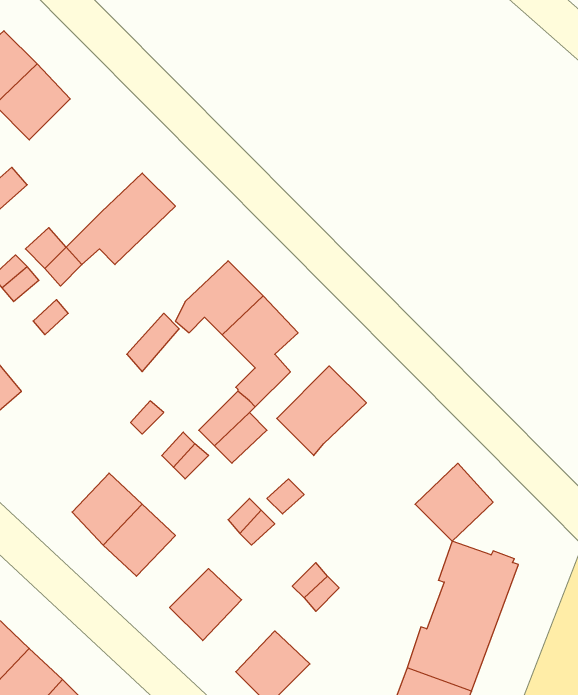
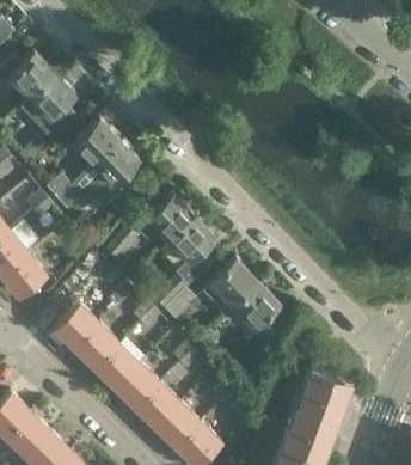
building: none -> [74,121,119,165]
building: none -> [55,305,99,349]
building: [415,463,493,541] -> [231,282,278,330]
building: none -> [116,363,160,408]
building: none -> [157,403,201,447]

